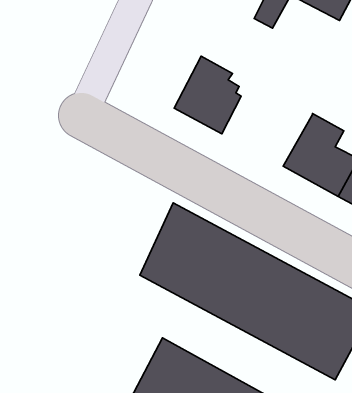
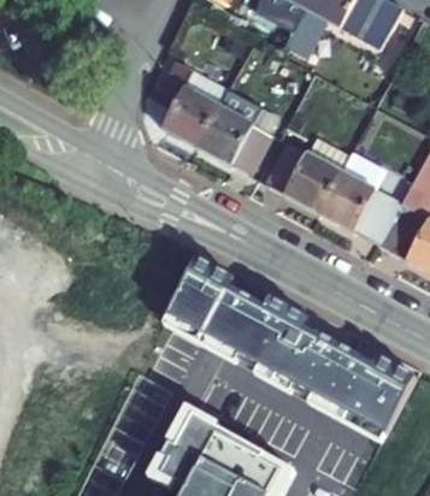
building: none -> [154,59,228,146]
building: none -> [265,132,351,211]

